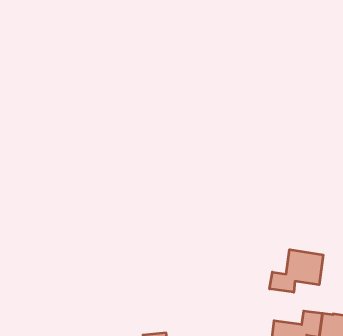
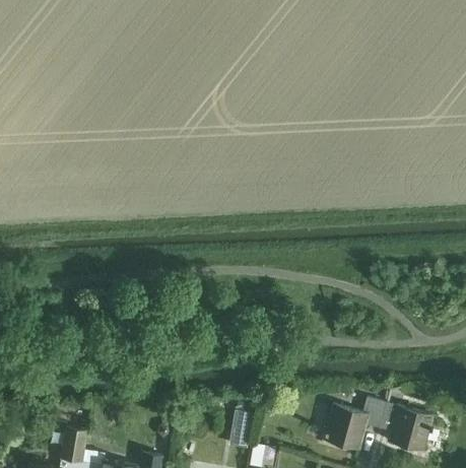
building: [270,250,323,292] -> none

